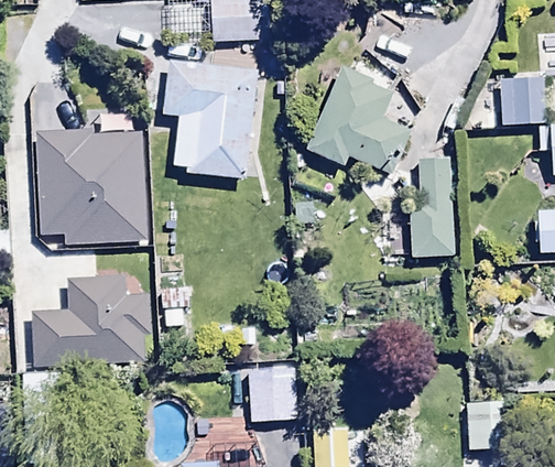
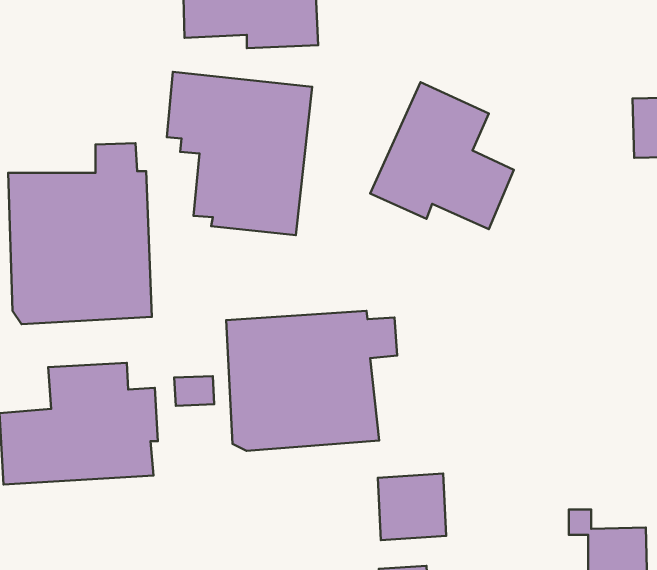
building: [410,156,455,257] -> none
building: none -> [226,311,397,451]
building: [247,371,297,421] -> [378,474,446,540]

